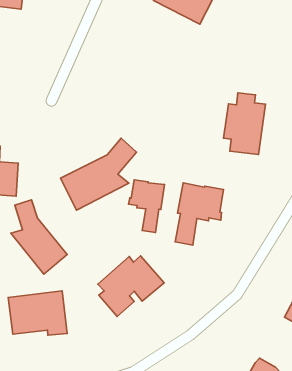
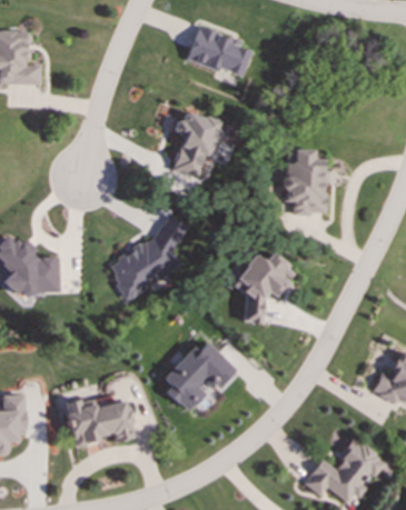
building: none -> [172,112,238,177]
building: [128,180,165,233] -> none
building: [11,200,67,274] -> none

